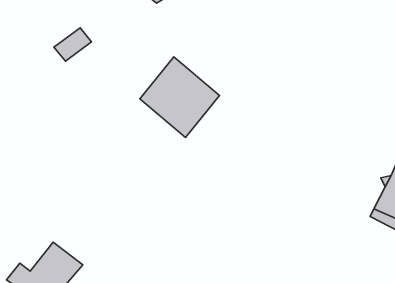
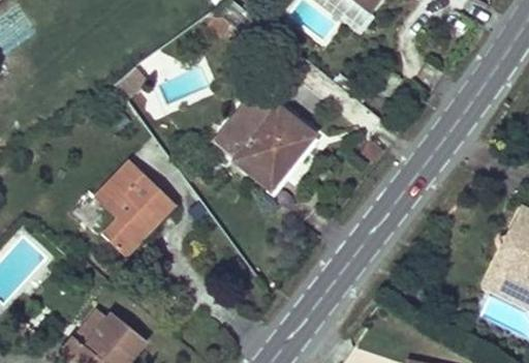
building: none -> [93,159,177,258]

